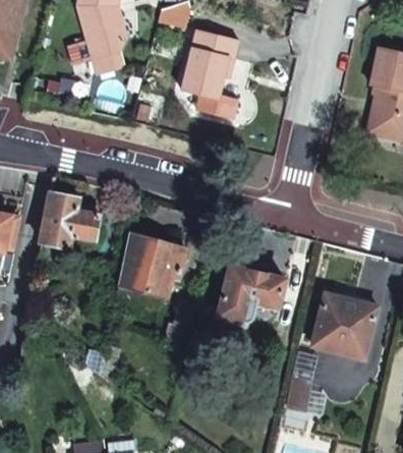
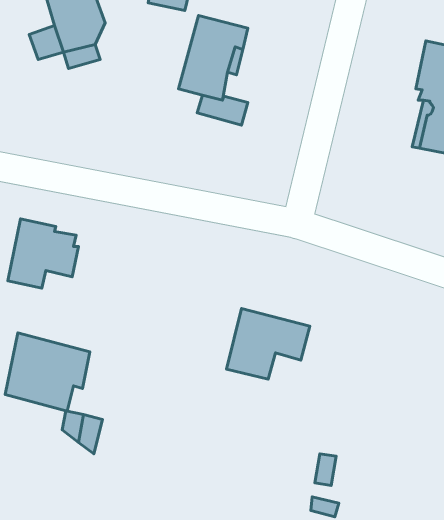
building: [118,233,186,296] -> [5,333,90,411]
building: [313,293,379,357] -> none

